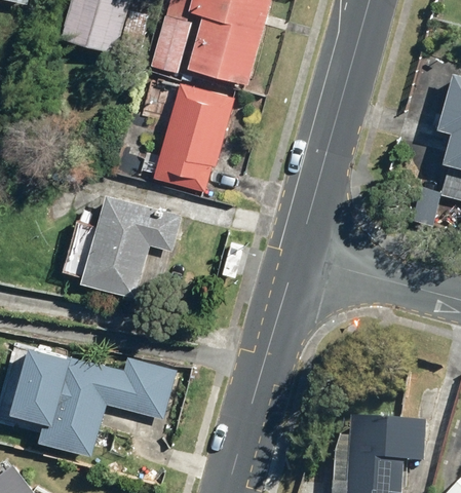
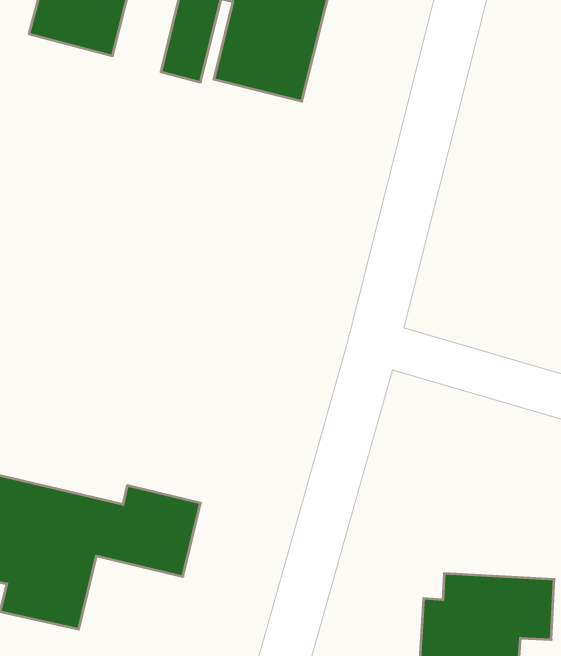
building: [154,82,235,193] -> none
building: [81,195,183,300] -> none

